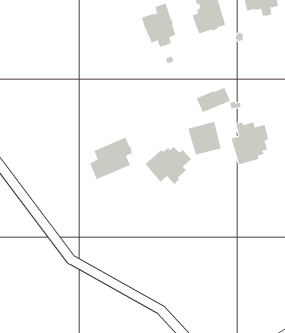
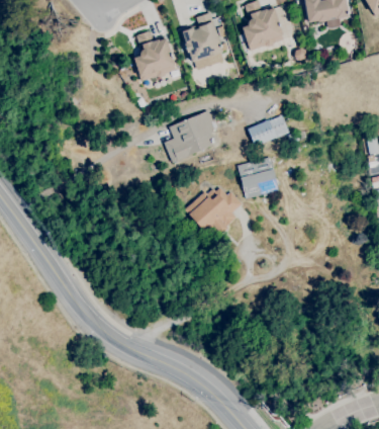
building: none -> [134,30,176,81]
building: [231,122,269,165] -> none
building: [90,137,133,180] -> [165,110,217,163]

